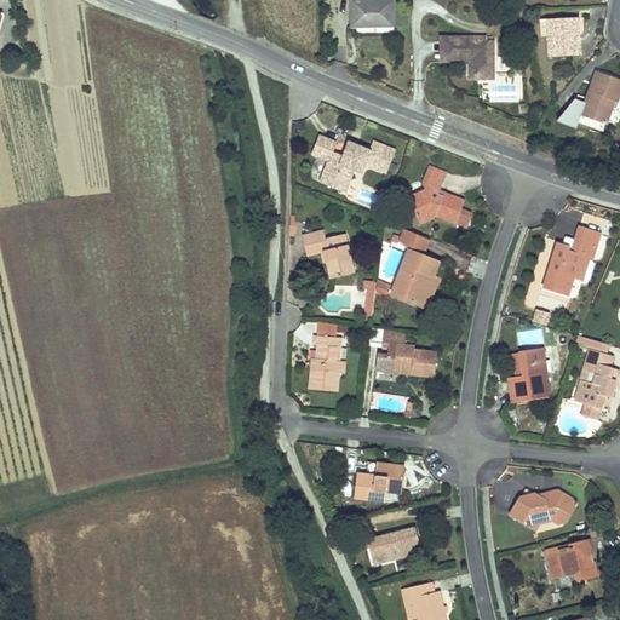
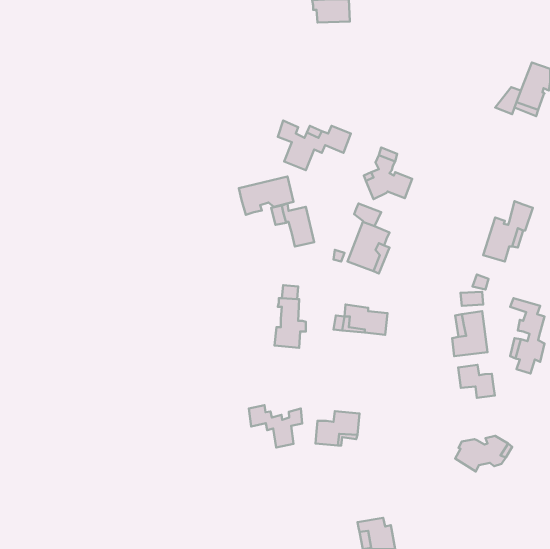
building: [549,17,580,56] -> none
building: [449,36,494,78] -> none
building: none -> [239,177,293,215]
building: none -> [458,365,495,398]
building: none -> [249,405,302,448]
building: [367,526,420,563] -> none
building: [546,539,598,581] -> none

